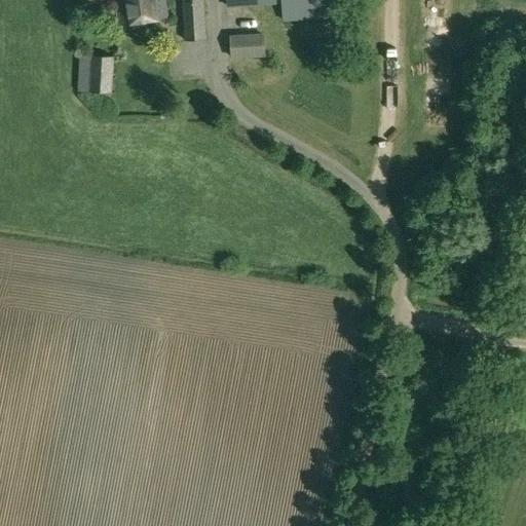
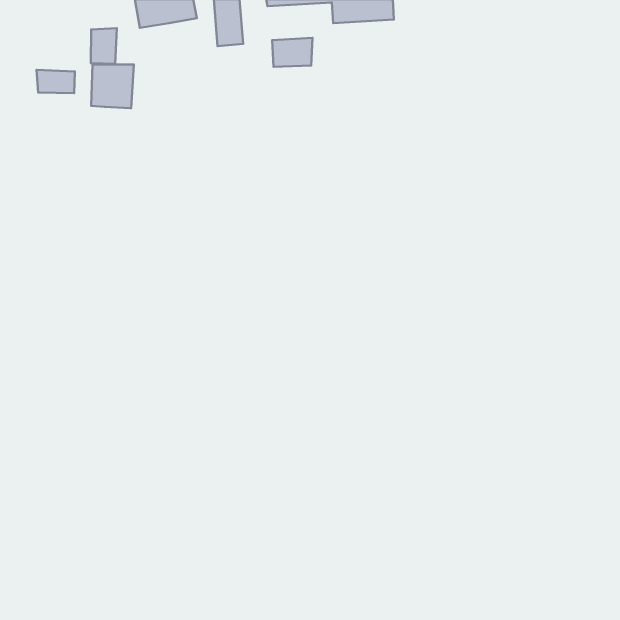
building: none -> [91,28,117,64]
building: none -> [36,70,75,93]

